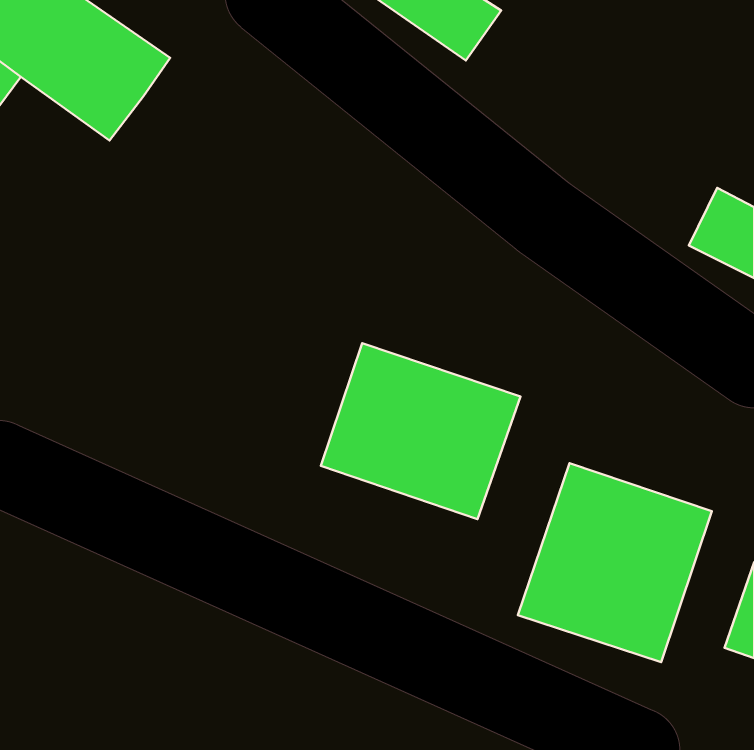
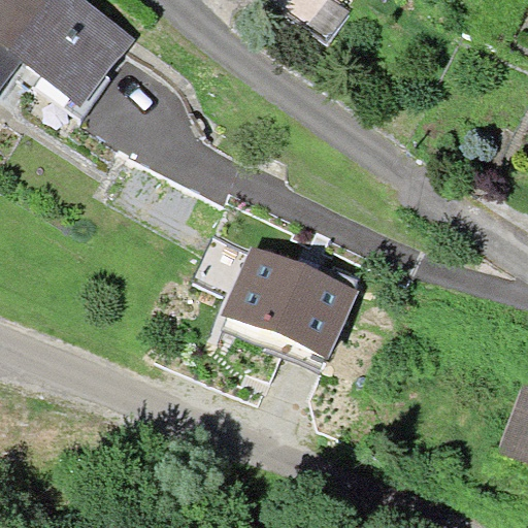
building: [518,463,712,662] -> none

